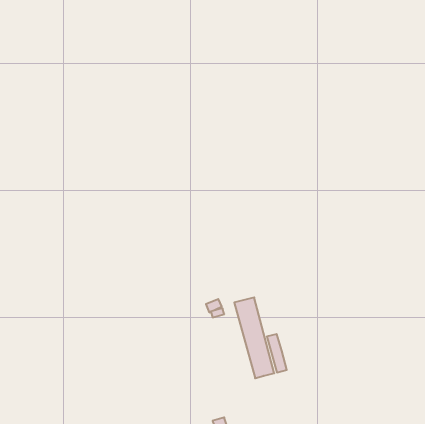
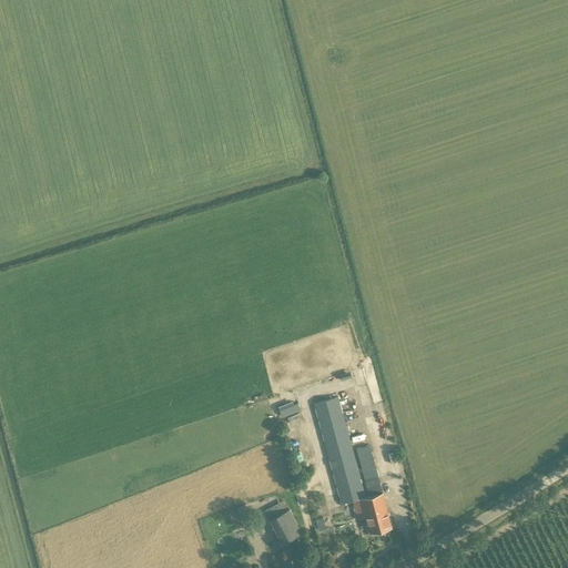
building: none -> [351,495,390,534]
building: none -> [268,510,301,545]

